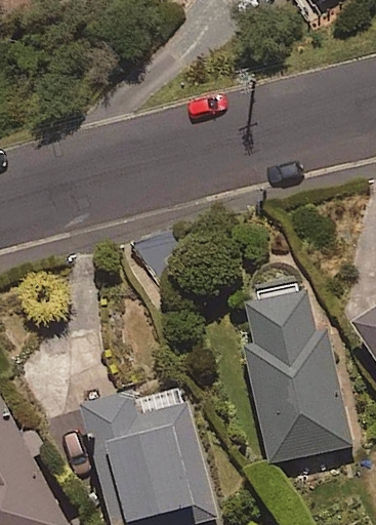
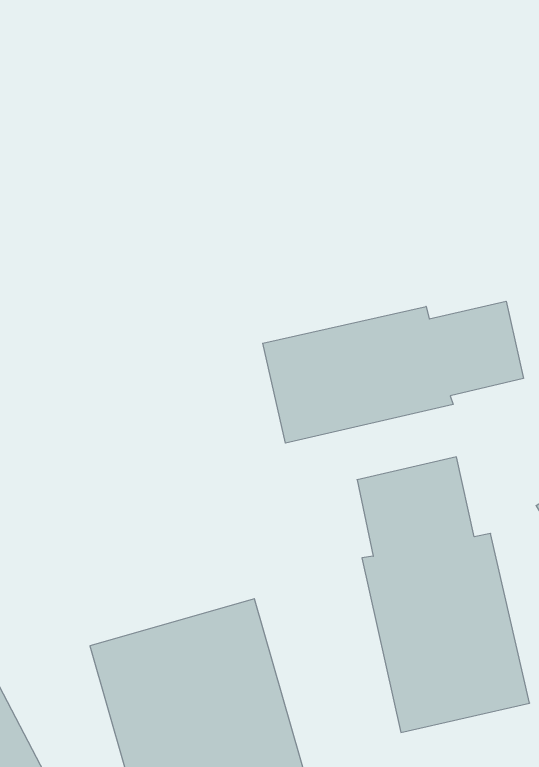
building: none -> [263,301,523,443]

